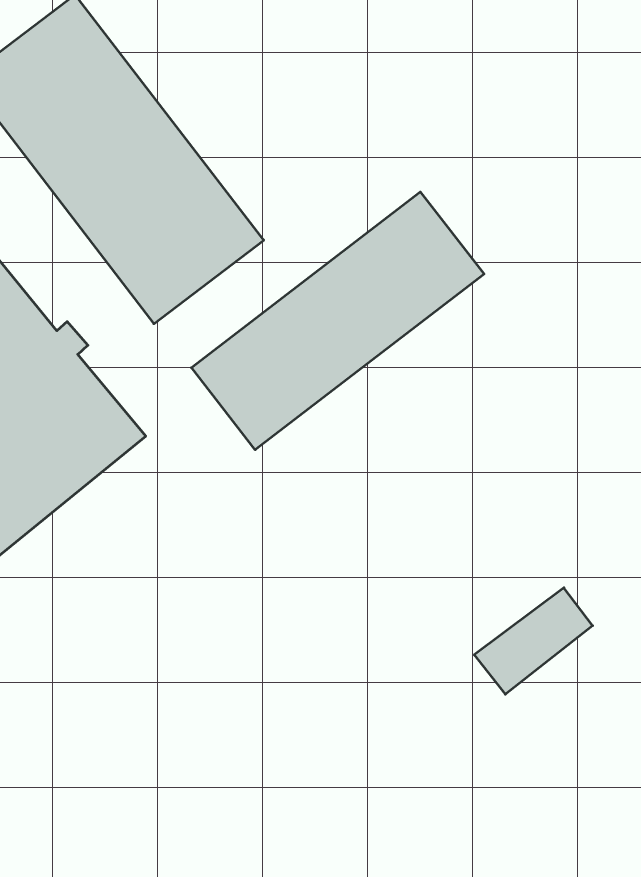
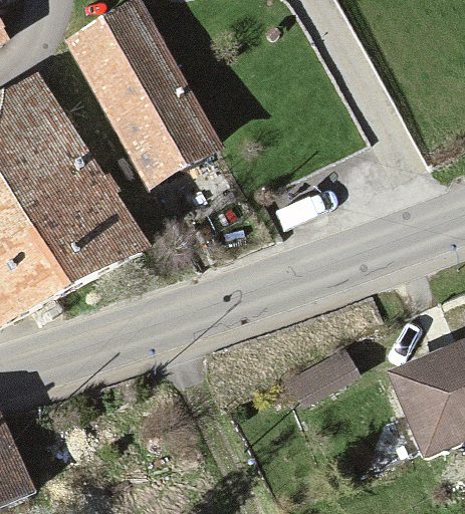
building: [191,192,484,450] -> none

